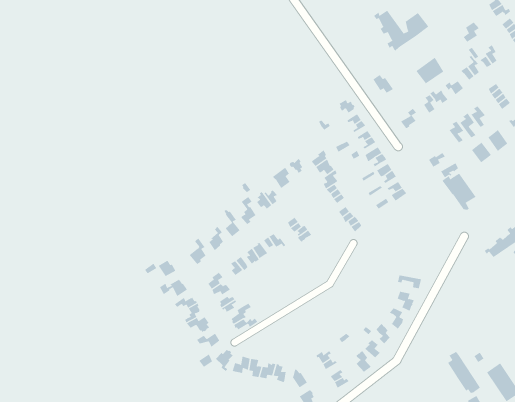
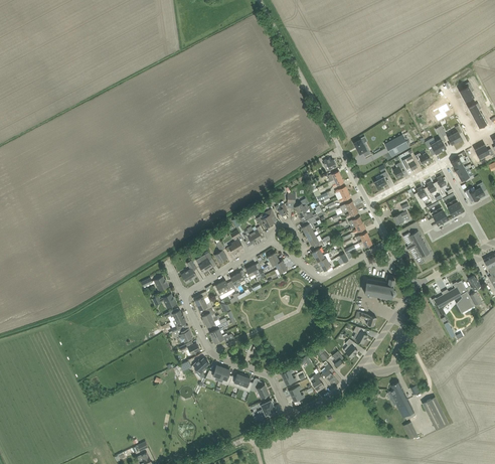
building: [373,10,429,52] -> none
building: none -> [364,276,395,298]

